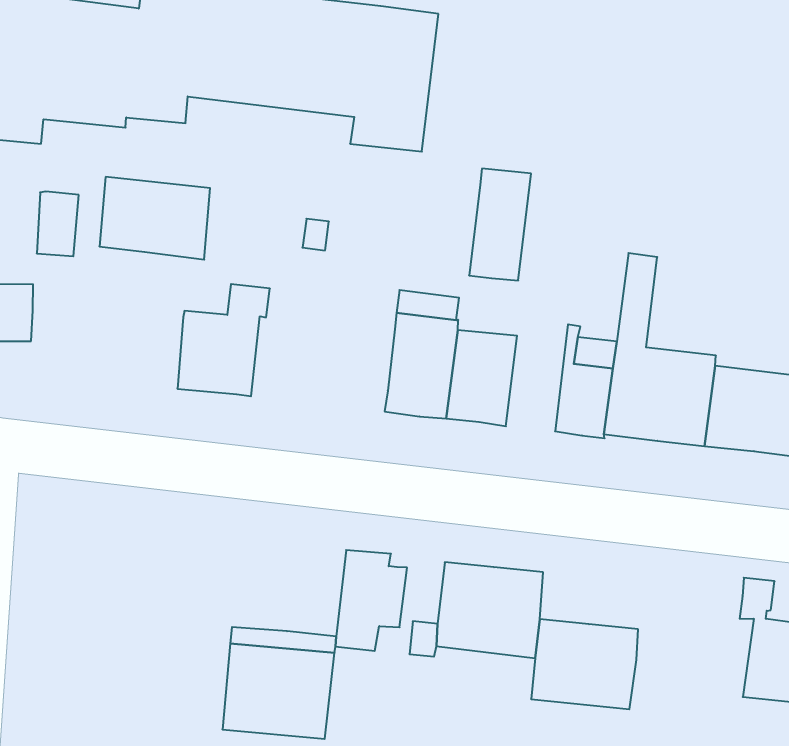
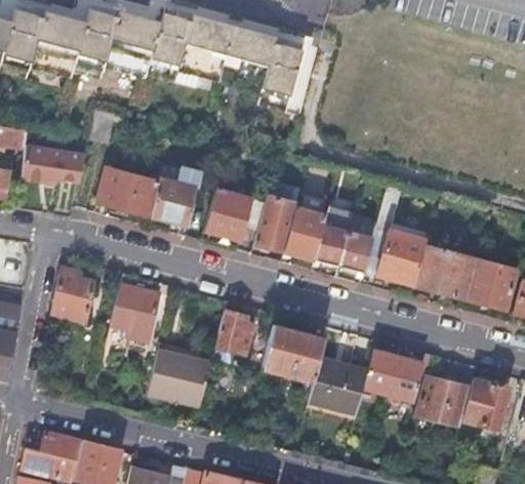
building: [469,169,531,280] -> [315,207,354,267]
building: [99,177,210,260] -> [98,168,159,217]
building: none -> [205,190,266,241]
building: none -> [52,269,95,322]
building: none -> [112,285,160,342]
building: none -> [364,351,422,402]

